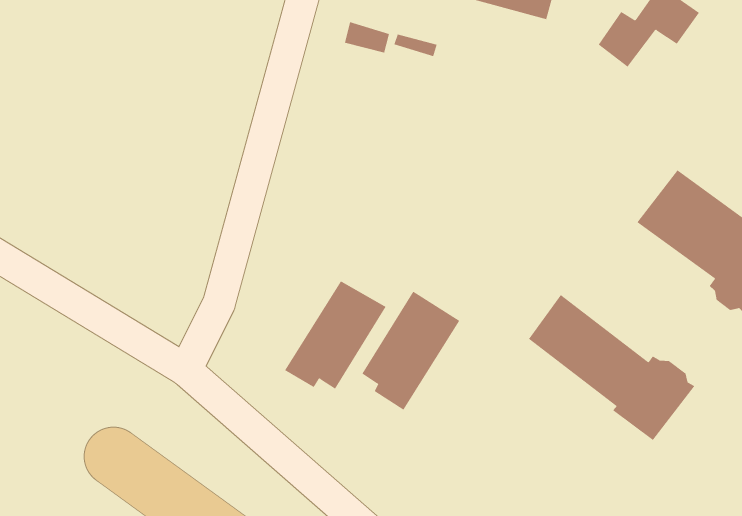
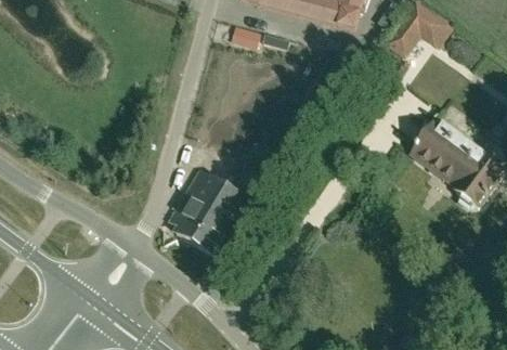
building: [362,291,460,411] -> [167,169,227,243]
building: [528,294,695,441] -> none

